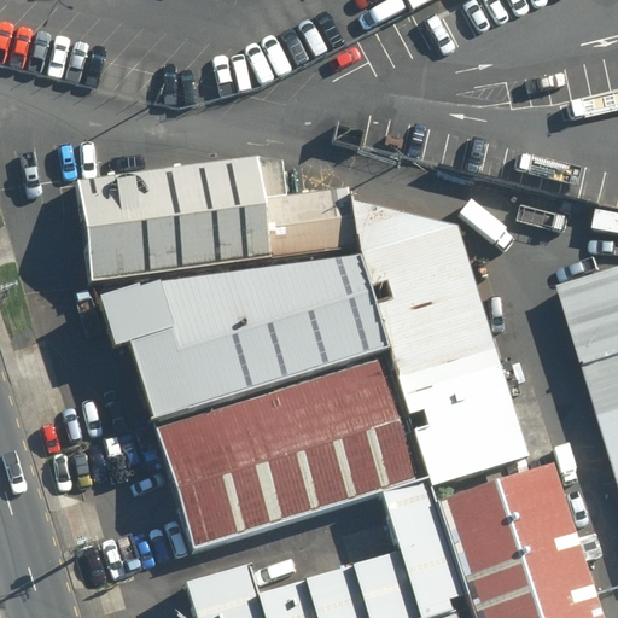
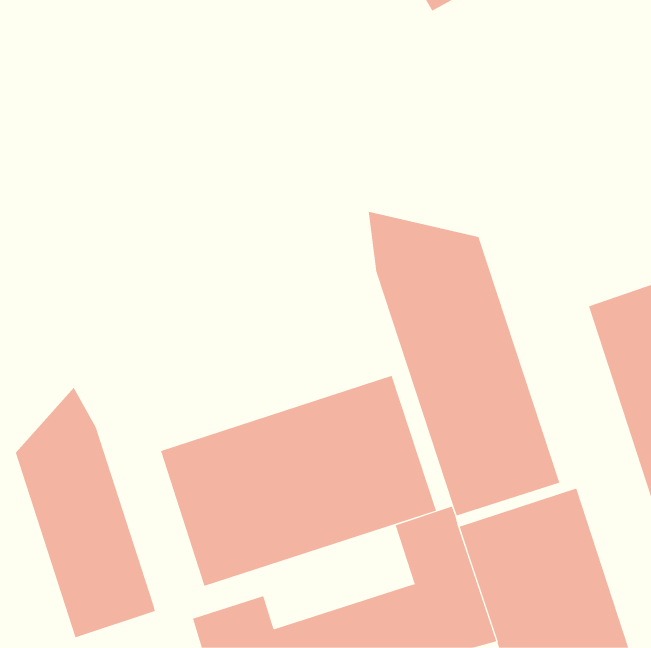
building: [72,136,351,281] -> none
building: [101,256,384,419] -> none
building: none -> [15,387,156,638]

